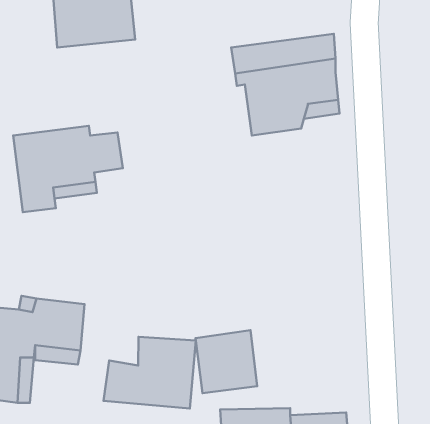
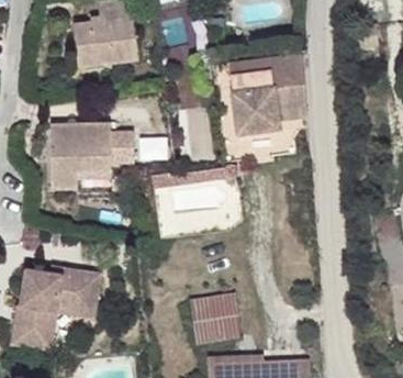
building: [104,337,196,409] -> none

